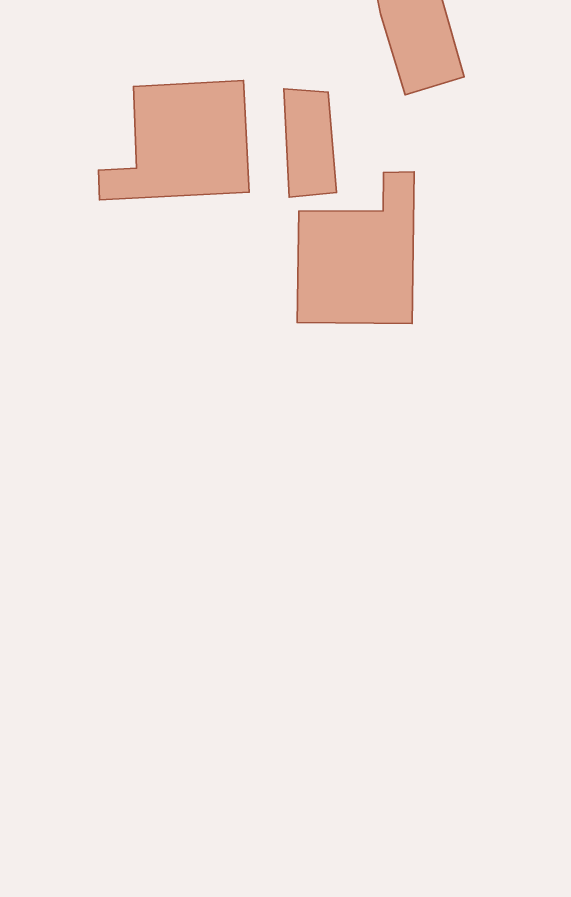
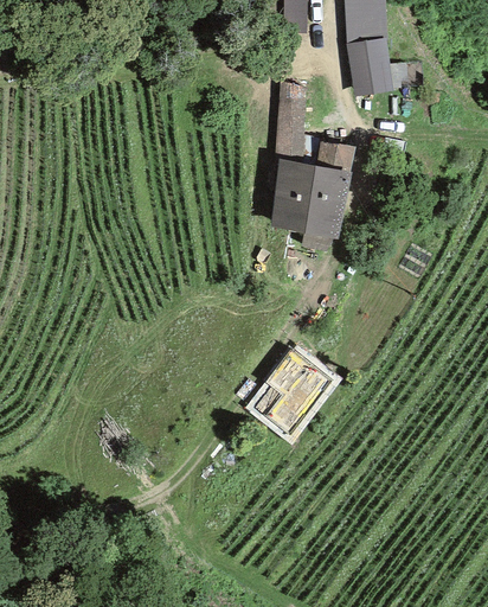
building: [99,80,249,200] -> none
building: none -> [257,352,335,437]

